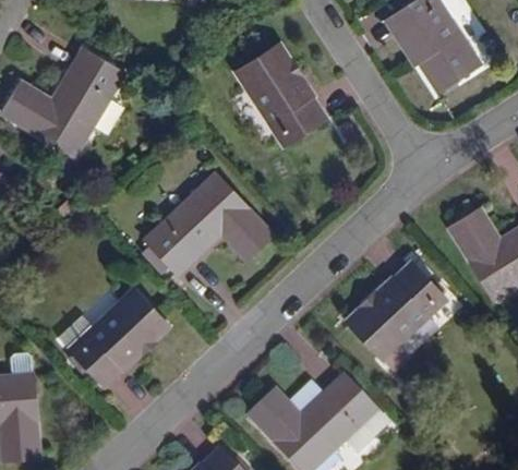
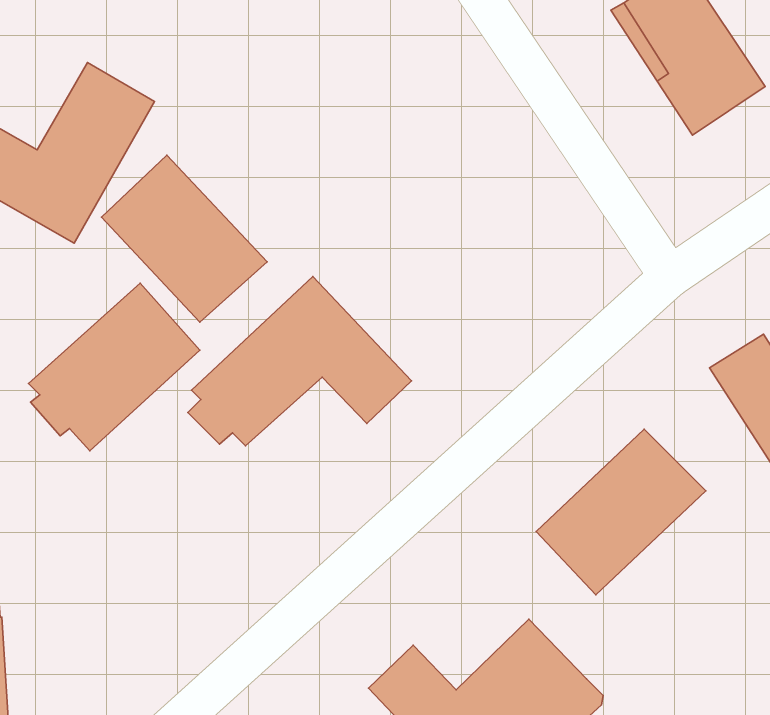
building: [236,44,327,145] -> none
building: none -> [101,155,267,322]
building: [69,288,169,386] -> [29,283,200,451]

